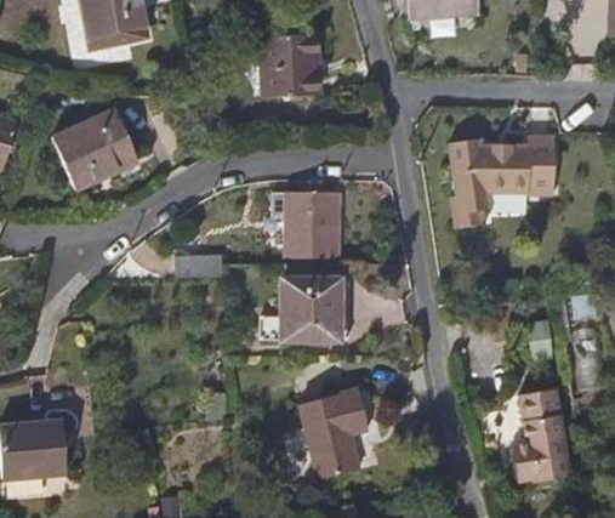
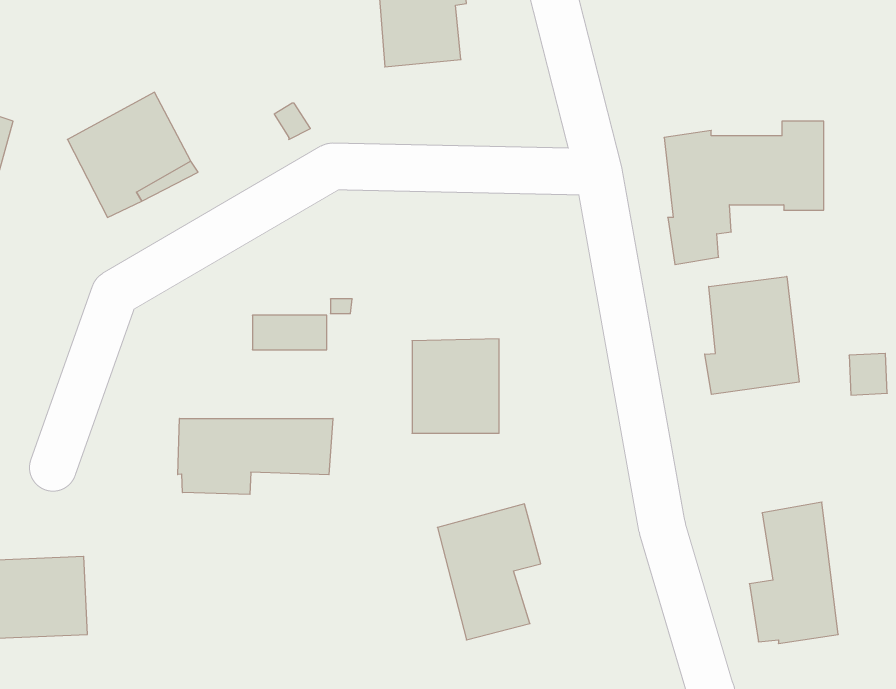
building: [286,190,341,257] -> none
building: none -> [705,276,799,394]
building: none -> [178,418,333,494]

